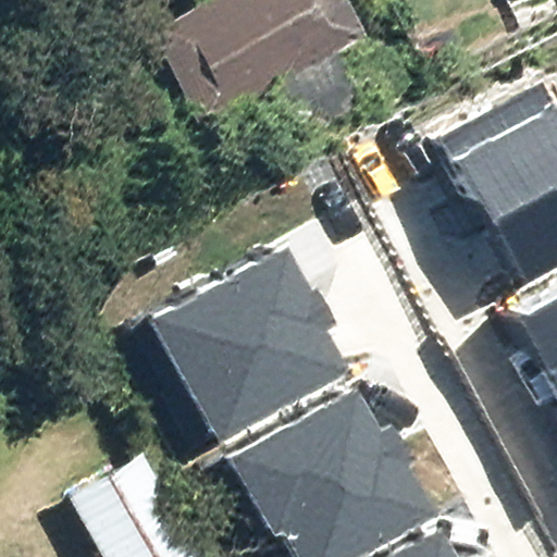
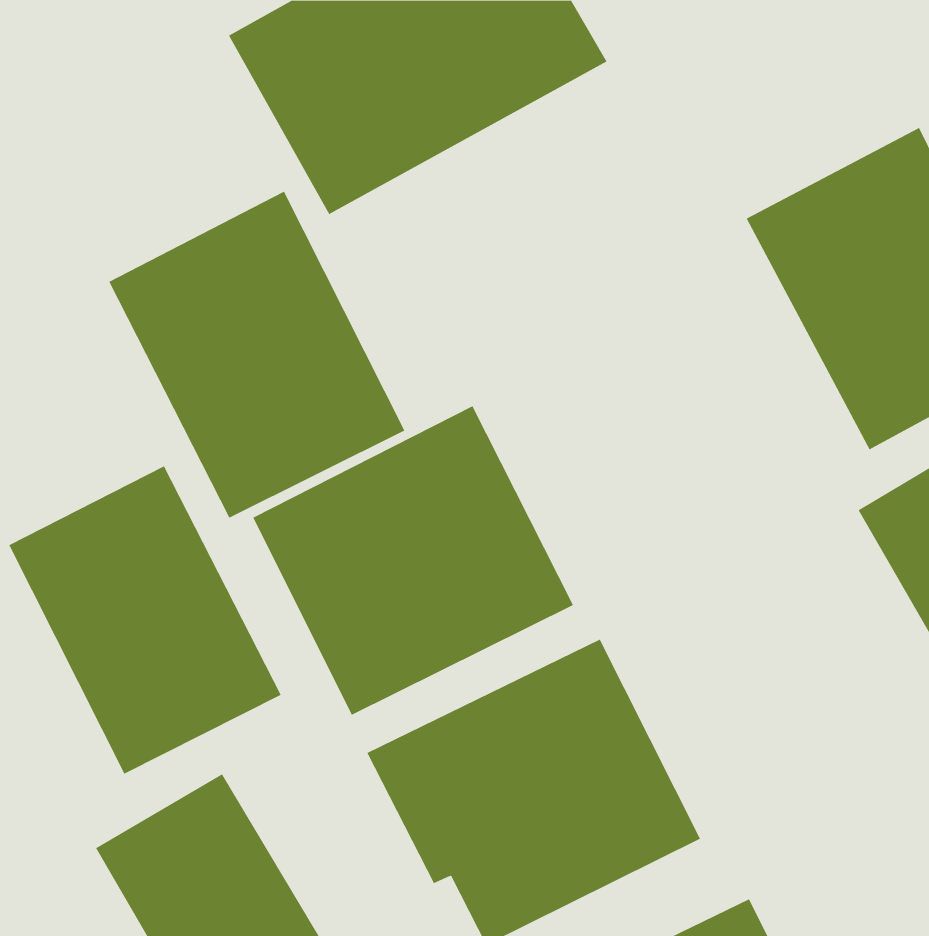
building: none -> [109,191,405,519]
building: none -> [9,465,282,775]

